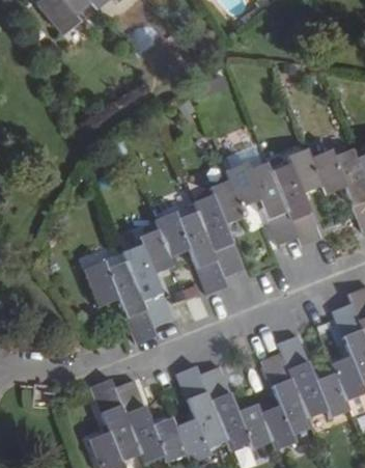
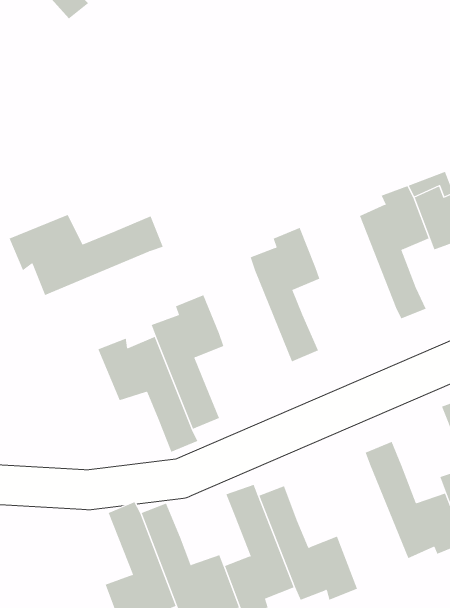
building: [226,163,298,245] -> none
building: none -> [9,214,164,296]
building: [156,211,226,295] -> none
building: [259,351,310,449] -> none

